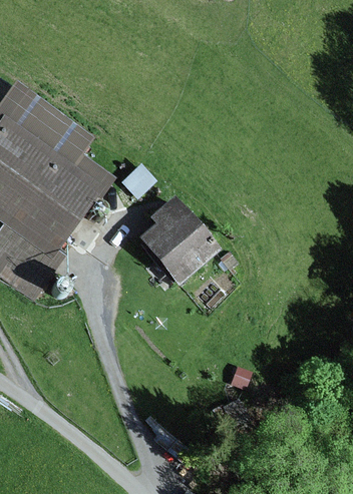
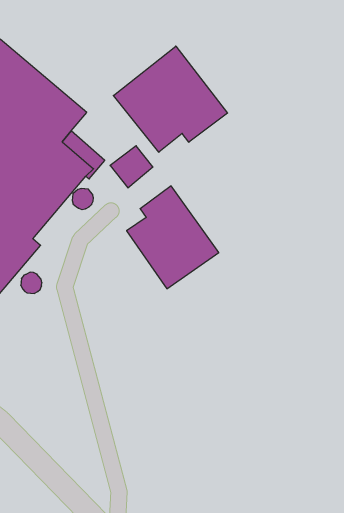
building: none -> [113,46,228,152]

